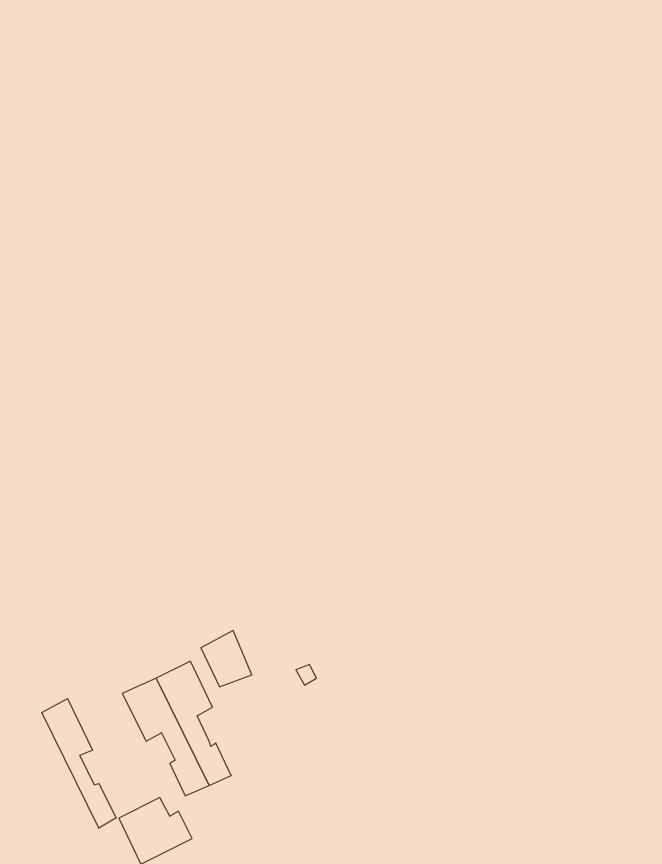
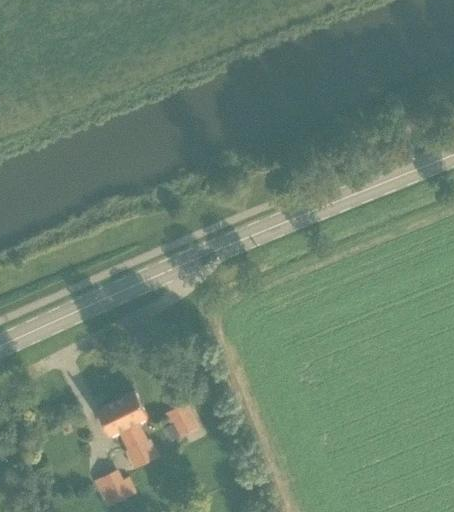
building: [201,631,252,687] -> [167,404,197,437]
building: [42,699,116,828] -> none

